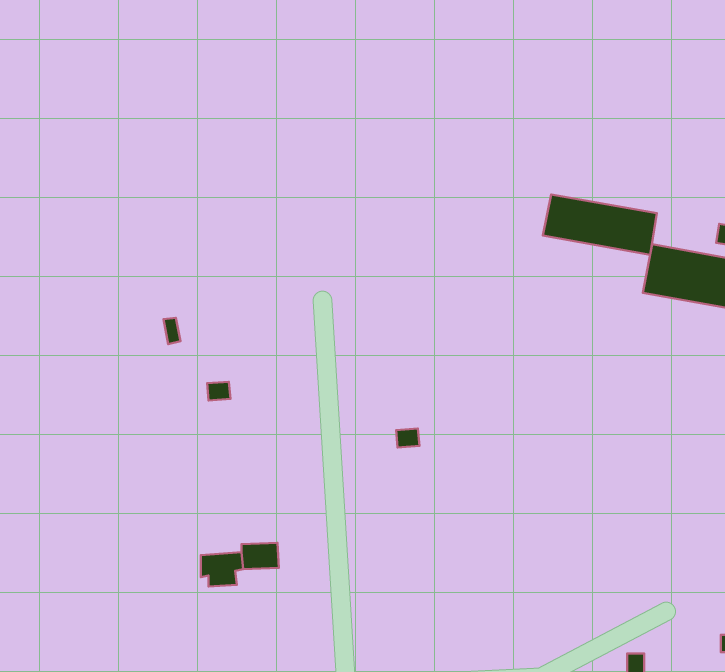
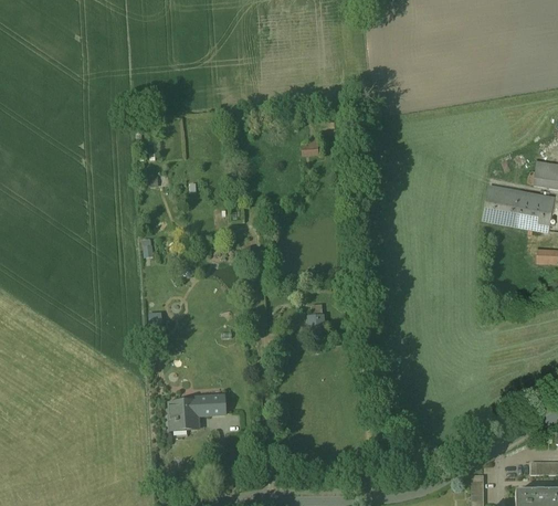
building: [543,194,657,255] -> none

